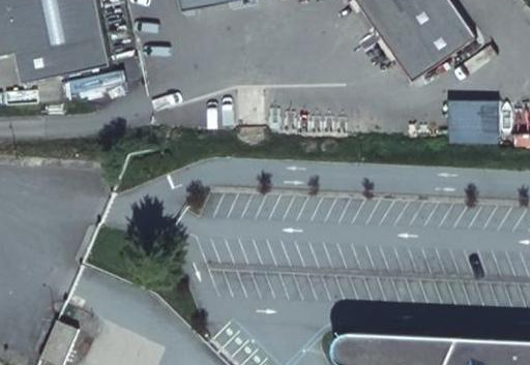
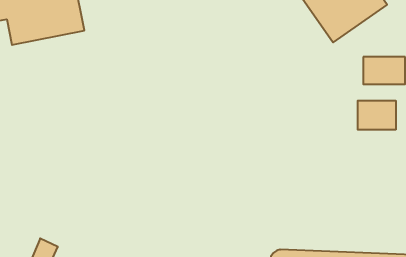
building: none -> [358,101,396,130]

